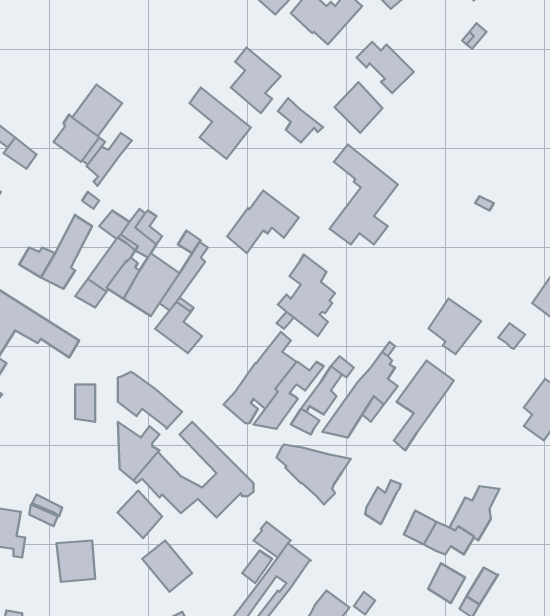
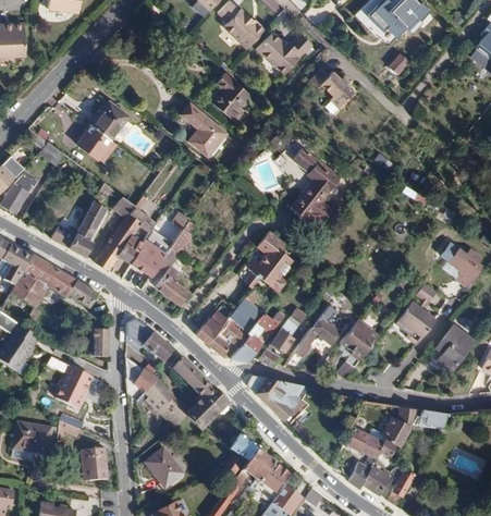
building: [335,82,382,133] -> none
building: [278,98,323,142] -> none
building: [87,133,132,186] -> none
building: [227,190,299,253] -> none
building: [428,298,481,354] -> [395,299,435,342]
building: none -> [195,304,231,344]
building: none -> [56,364,93,407]
building: [365,480,401,524] -> [348,455,376,489]
building: none -> [414,408,450,429]
building: [117,491,162,538] -> none
building: none -> [258,463,292,496]

